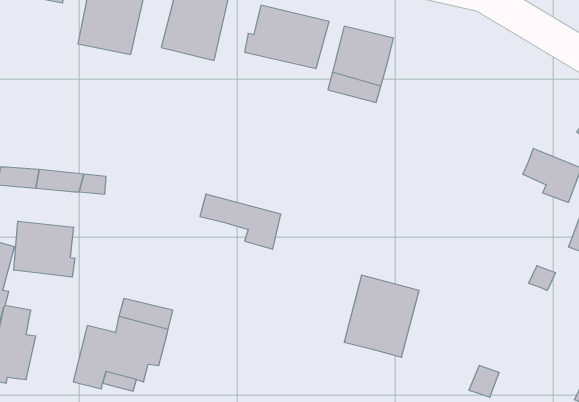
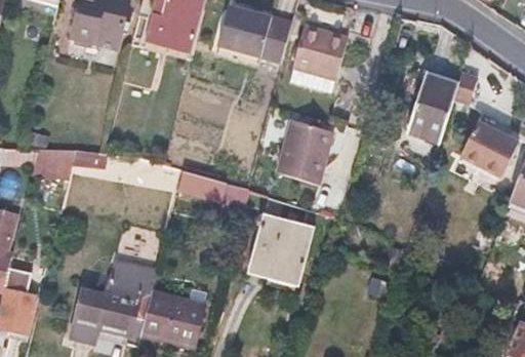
building: none -> [406,72,458,141]
building: none -> [278,117,335,184]
building: [14,221,75,277] -> none
building: [344,275,419,357] -> [247,215,313,287]
building: none -> [139,292,203,342]

